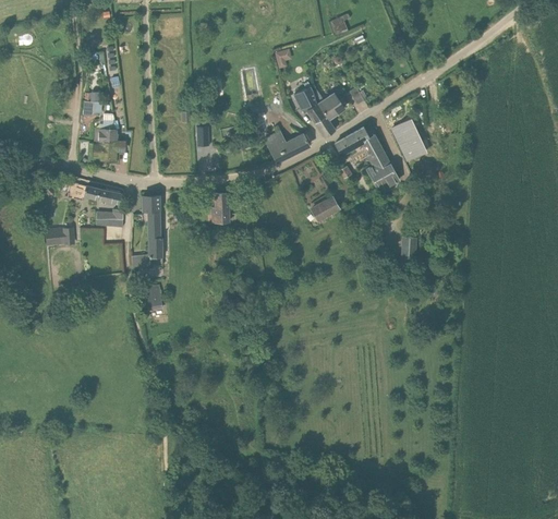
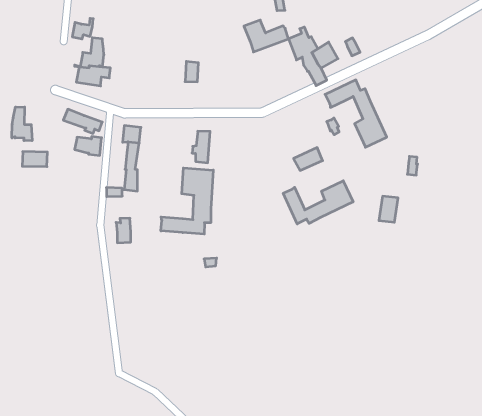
building: [389,119,416,159] -> none
building: [264,129,308,160] -> [244,20,289,52]
building: none -> [12,107,32,141]
building: none -> [283,181,353,224]
building: none -> [161,168,213,234]

